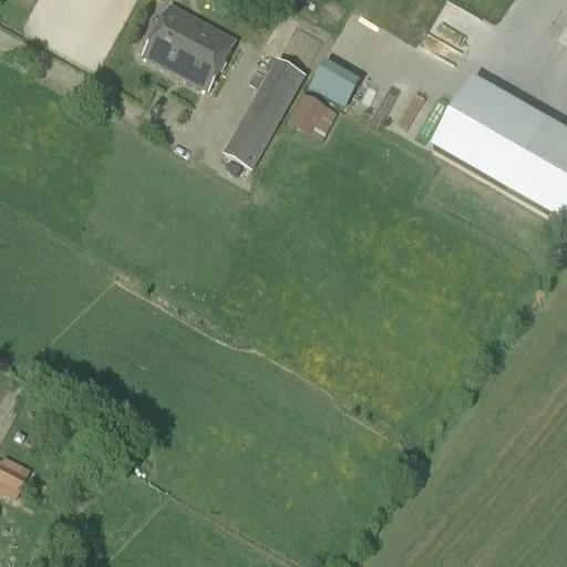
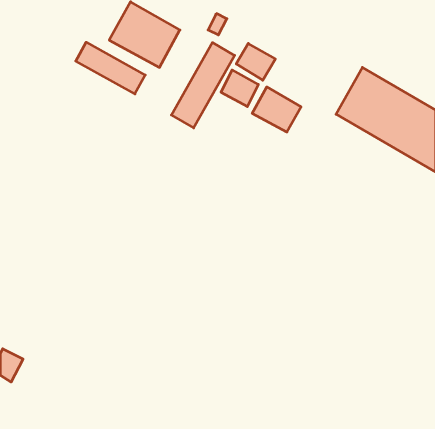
building: none -> [76,42,145,94]
building: none -> [252,87,301,132]

